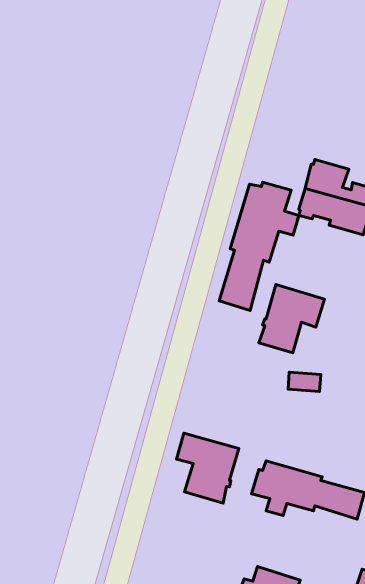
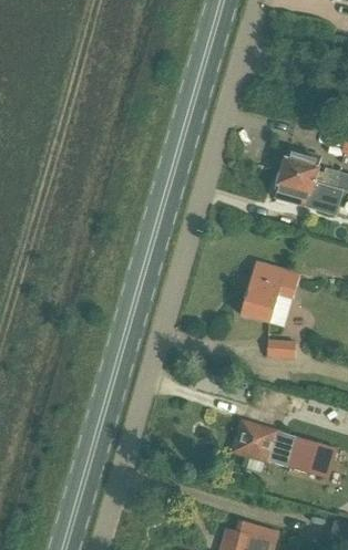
building: [219,182,299,310] -> none
building: [176,433,239,503] -> none

